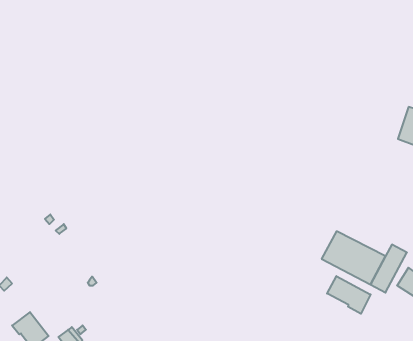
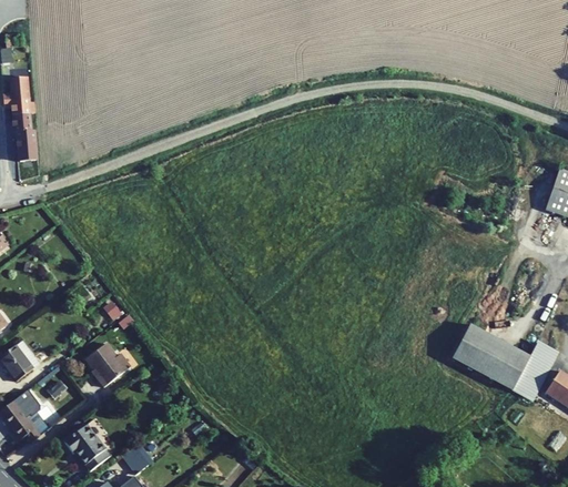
building: none -> [87,343,131,387]
building: [327,276,371,314] -> none

